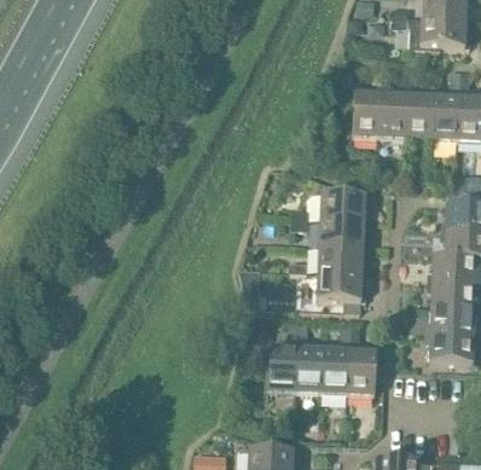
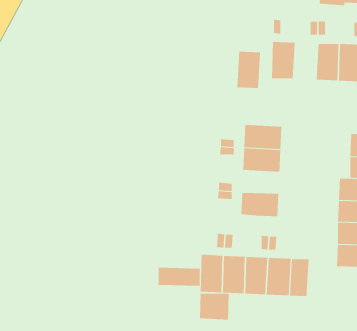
building: [379,92,408,137] -> [236,51,261,89]
building: [318,244,364,272] -> none
building: none -> [289,258,309,297]
building: none -> [158,267,200,287]
building: none -> [199,293,229,321]

